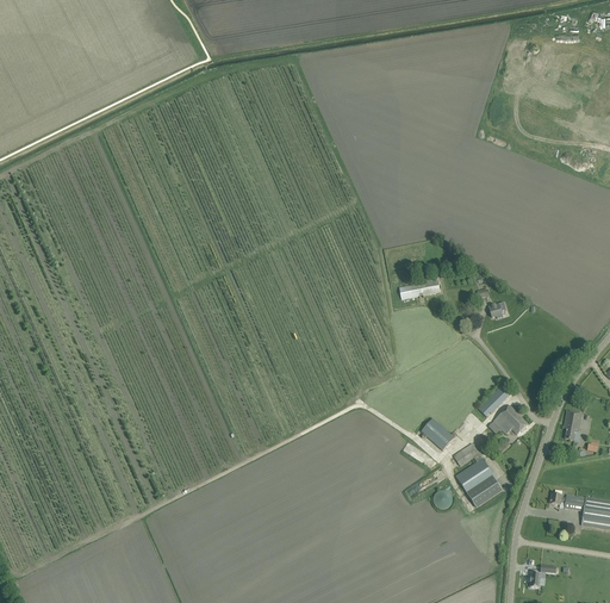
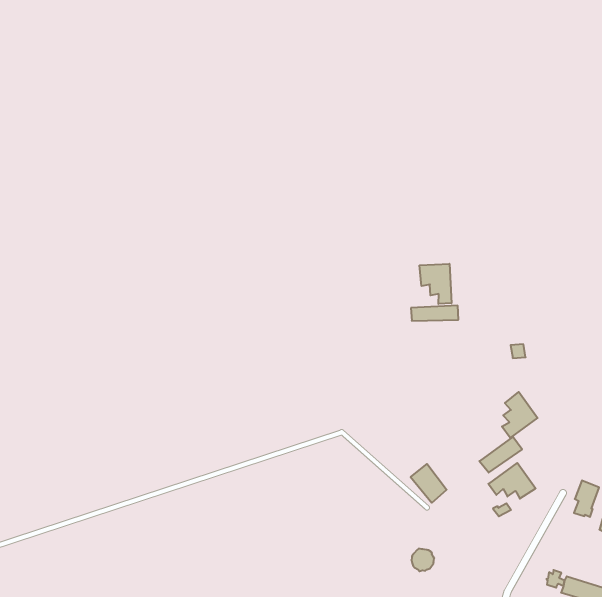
building: none -> [420,264,451,304]
building: none -> [502,392,538,438]
building: [454,442,503,506] -> none

